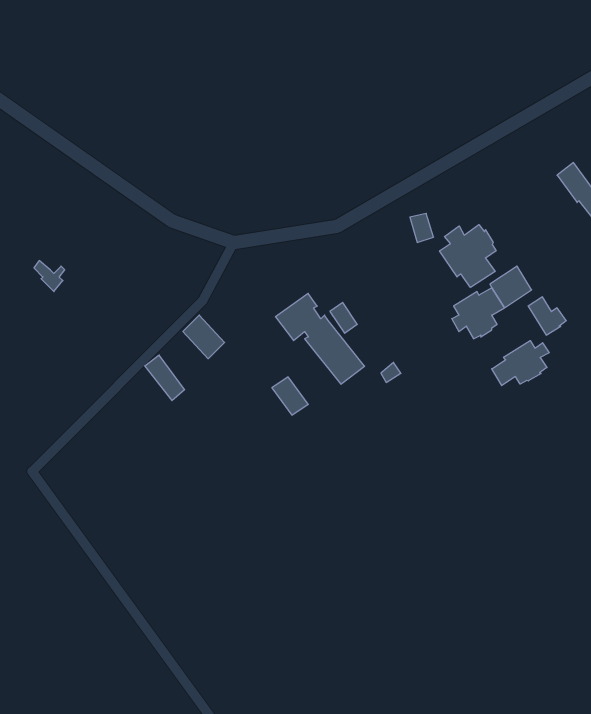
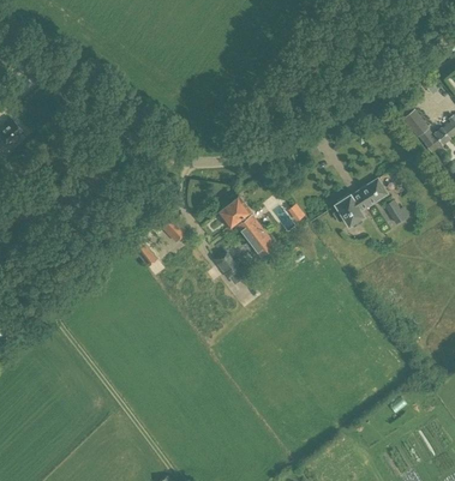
building: [440,225,496,287] -> none
building: [492,341,549,386] -> none

